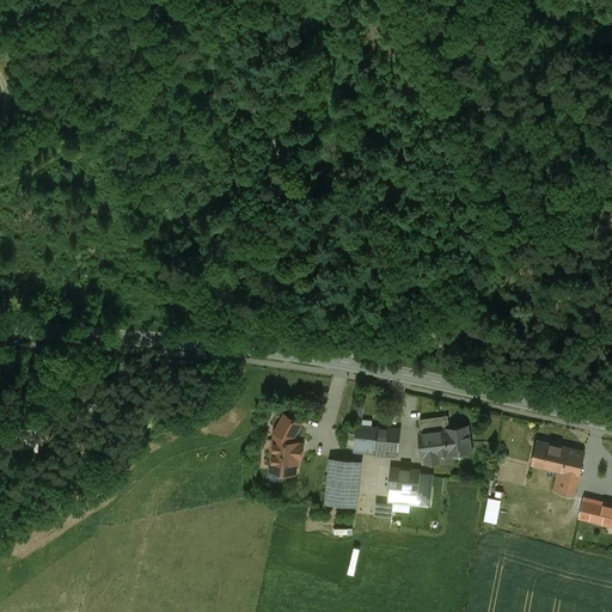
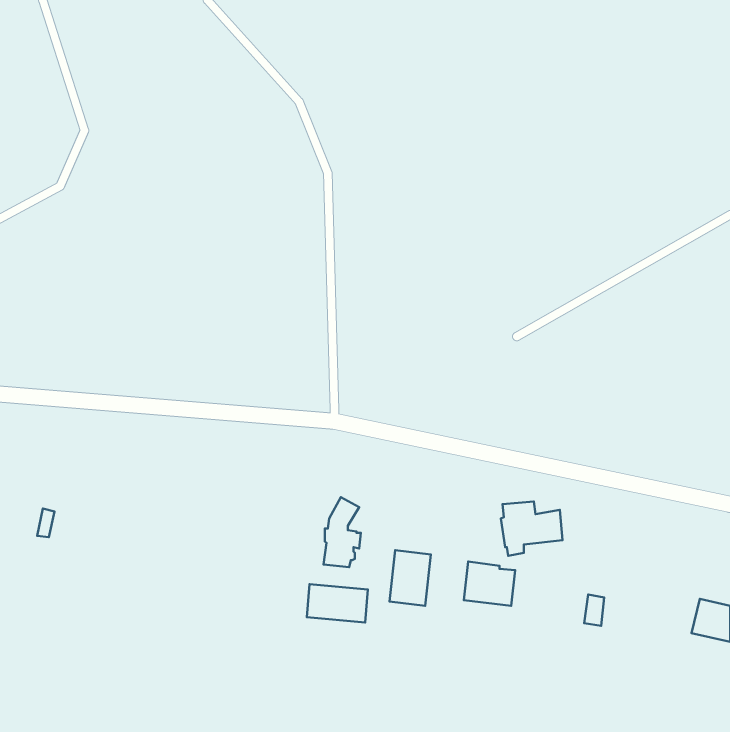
building: [354,427,398,455] -> none
building: [531,441,583,497] -> none
building: none -> [307,584,368,623]

